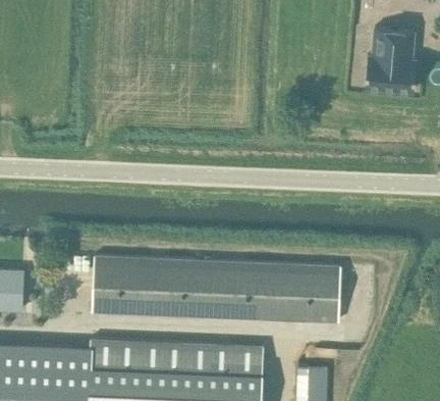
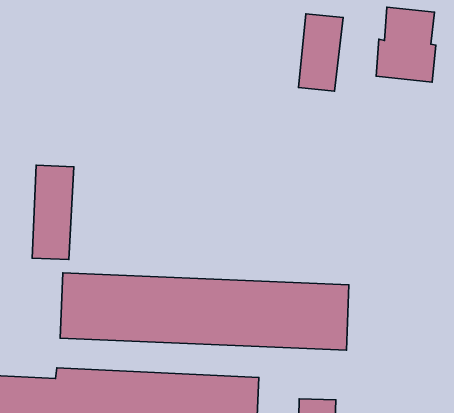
building: none -> [298,14,343,91]
building: none -> [32,165,74,260]

